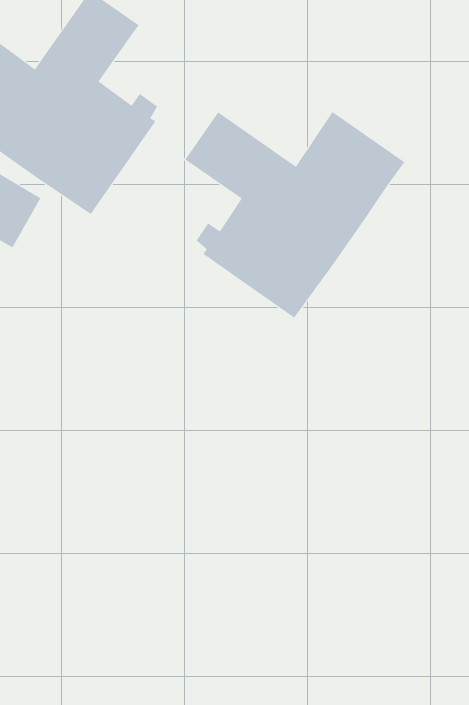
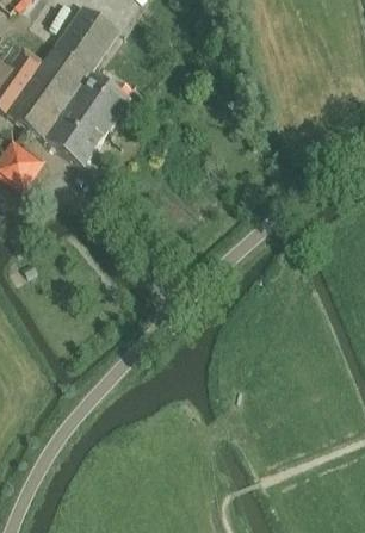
building: [184,111,405,319] -> none

